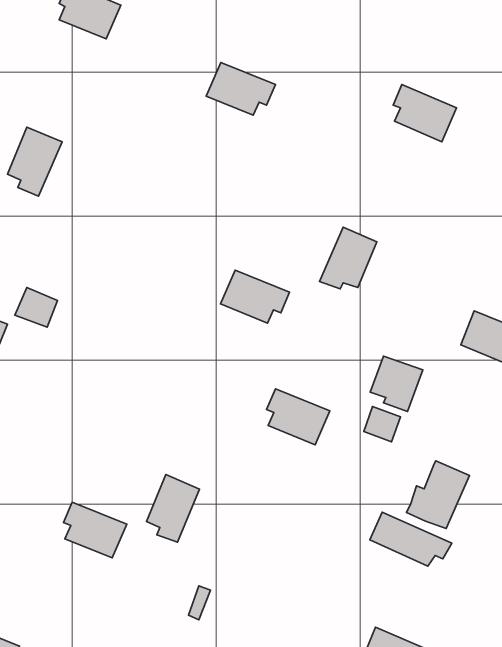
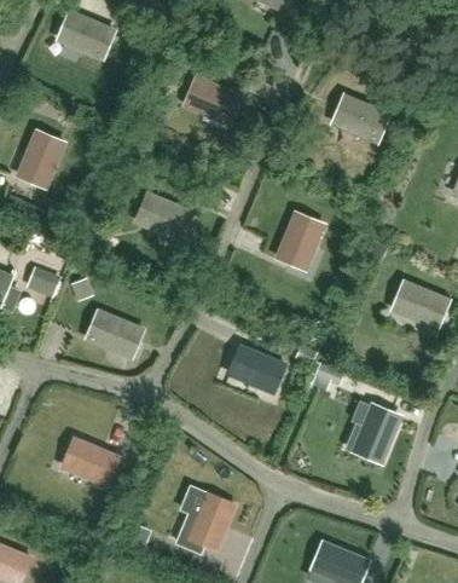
building: [220,270,290,323] -> [134,194,191,237]
building: none -> [86,311,141,354]
building: [370,356,423,411] -> none
building: [147,475,200,542] -> [190,493,233,549]
building: [370,512,452,566] -> none

